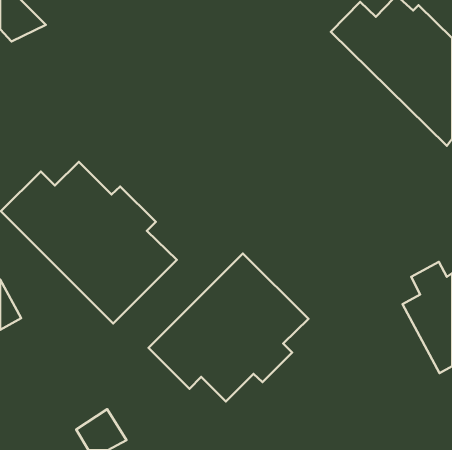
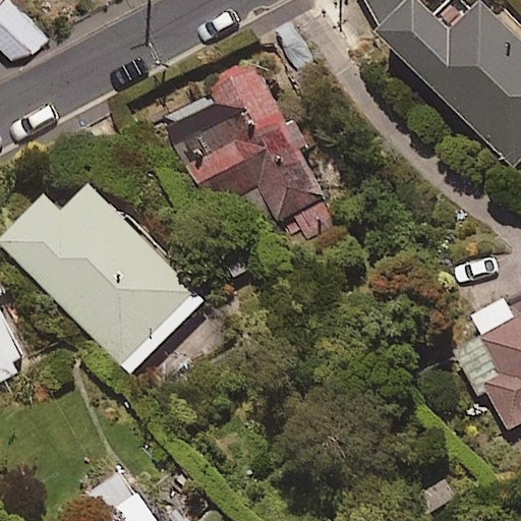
building: none -> [164,60,324,246]
building: [148,253,309,402] -> none

